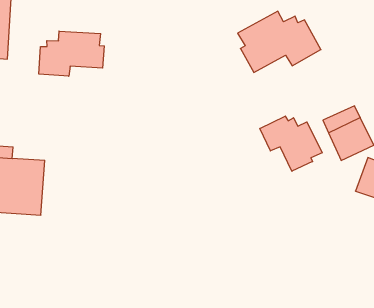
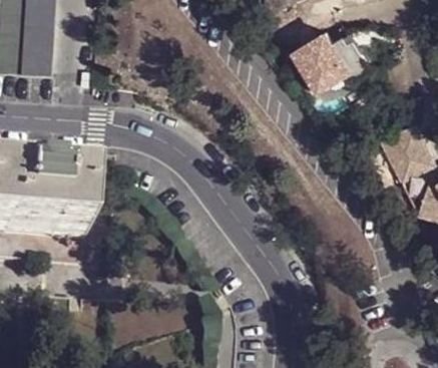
building: [39,31,104,76] -> none
building: [260,116,322,171] -> none

